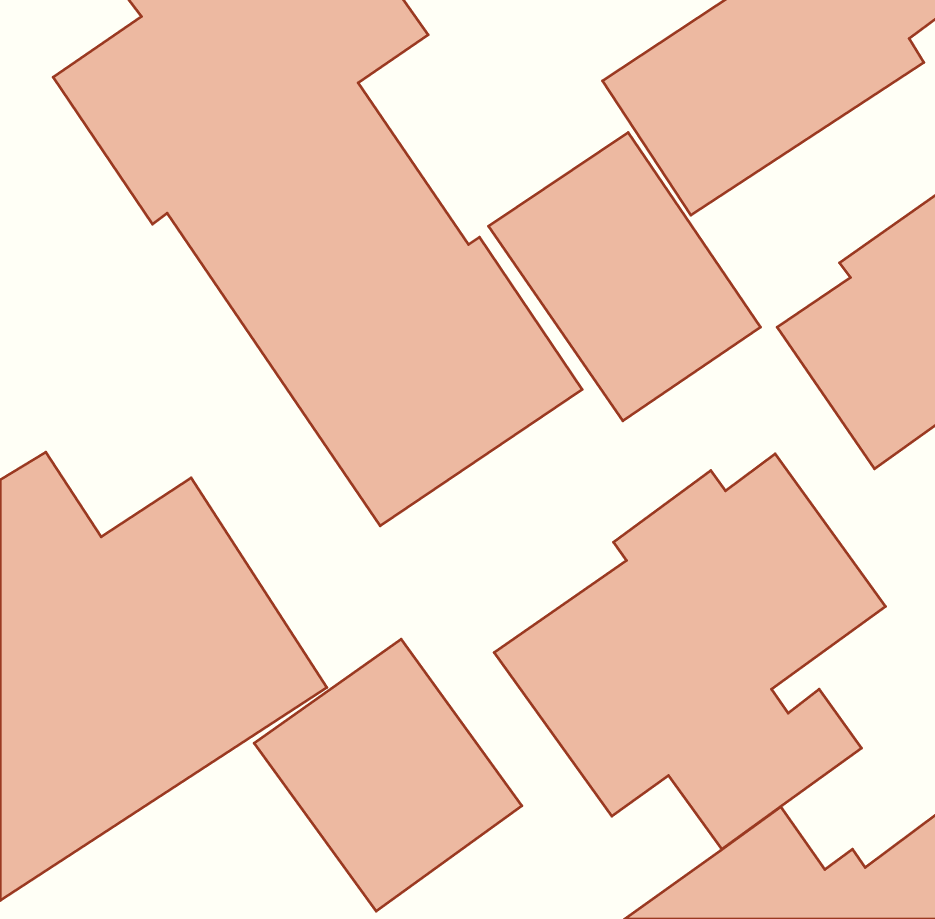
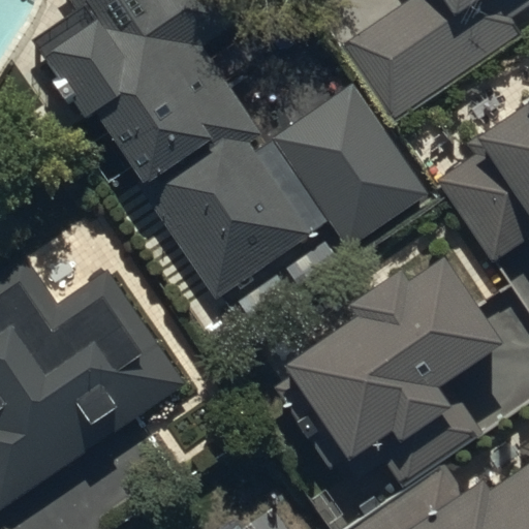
building: [254,639,522,911] -> none

